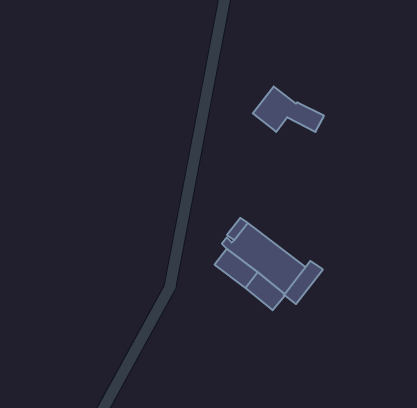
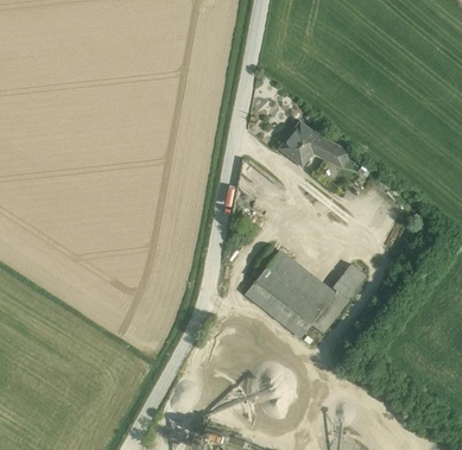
building: none -> [334,264,366,297]

